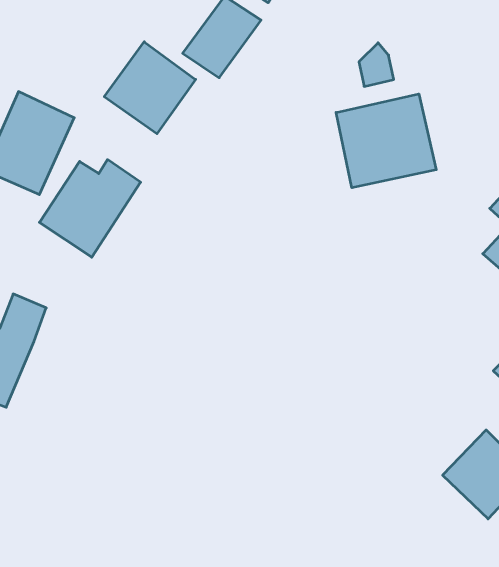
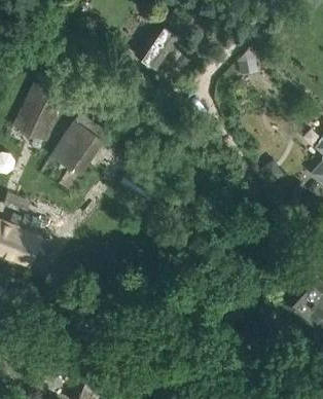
building: [104,42,196,134] -> none
building: [336,94,436,188] -> none

